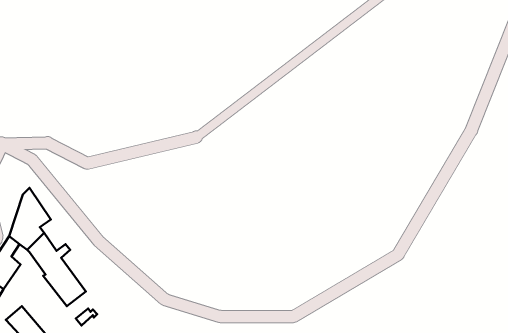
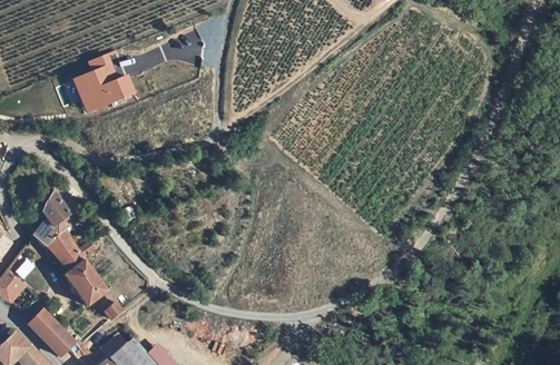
building: none -> [73,56,136,114]

